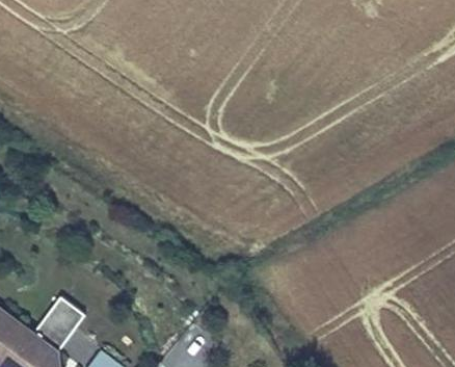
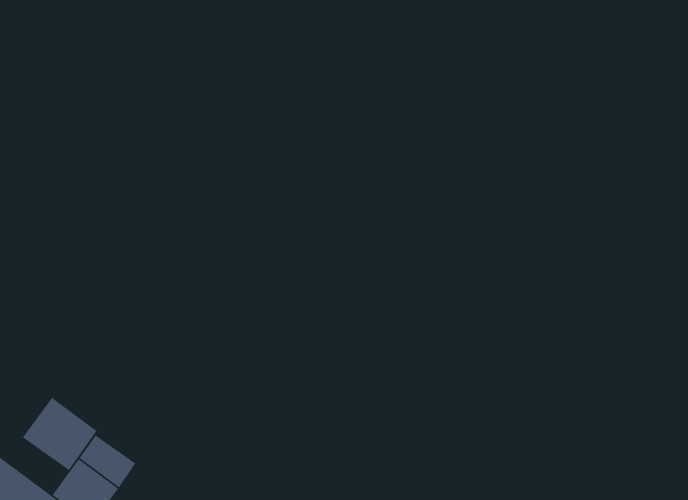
building: none -> [22,397,97,471]

